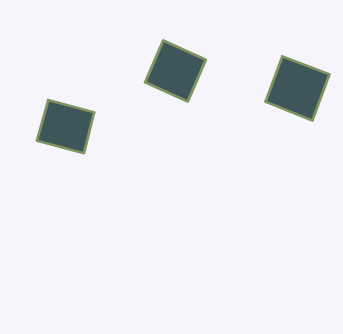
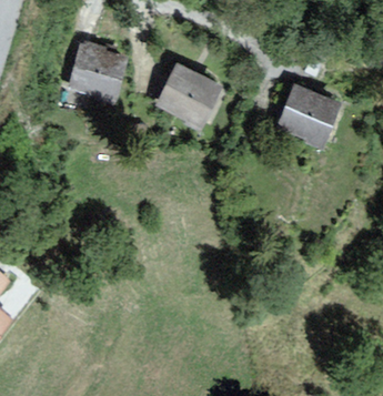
building: [37,100,94,153] -> [68,47,124,99]

